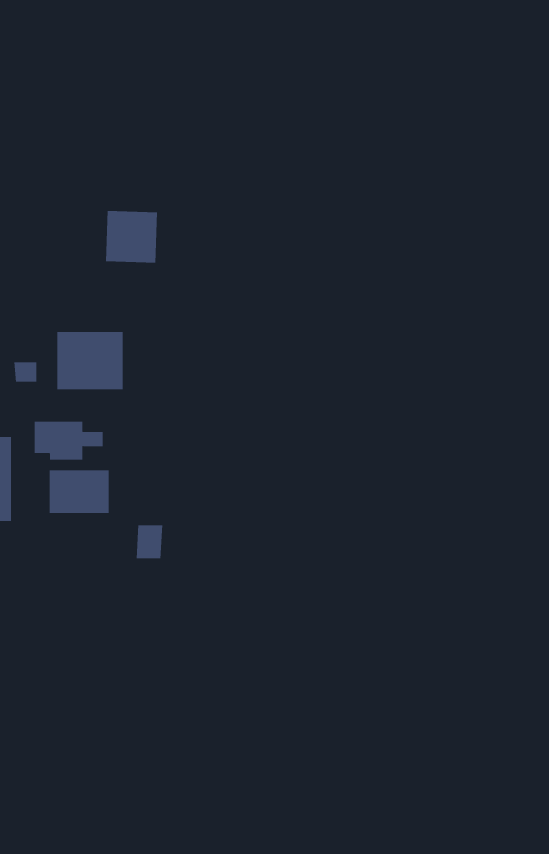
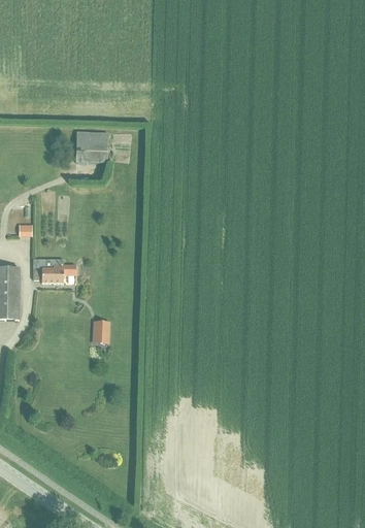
building: [57,331,123,390] -> none
building: [49,469,109,514] -> none

